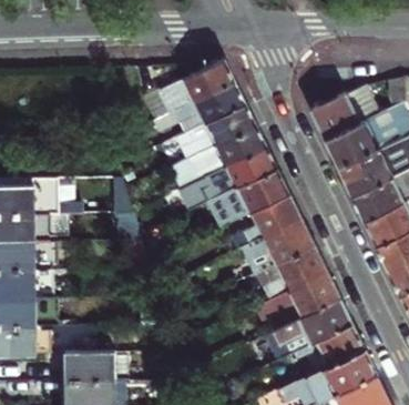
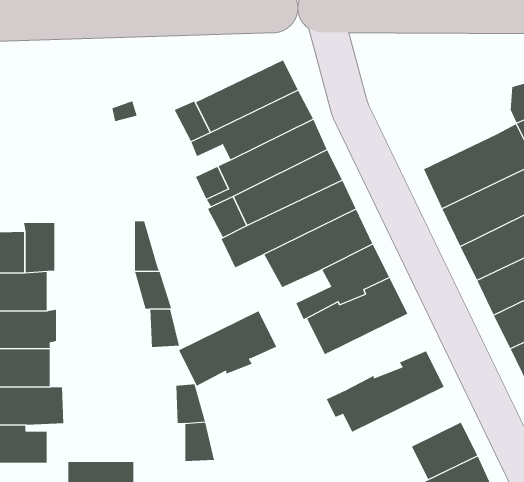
building: [308,88,377,141] -> none
building: [254,246,326,302] -> [178,310,277,387]
building: [263,300,351,362] -> none

